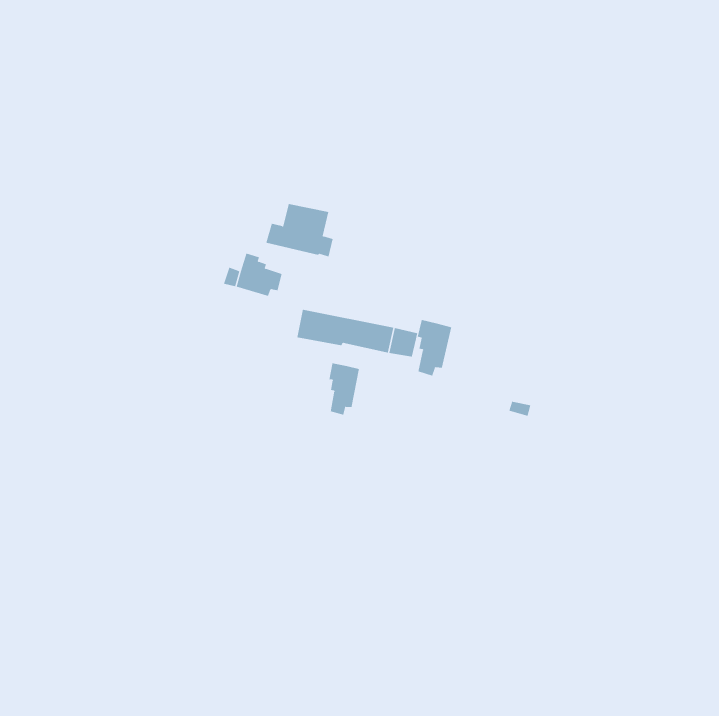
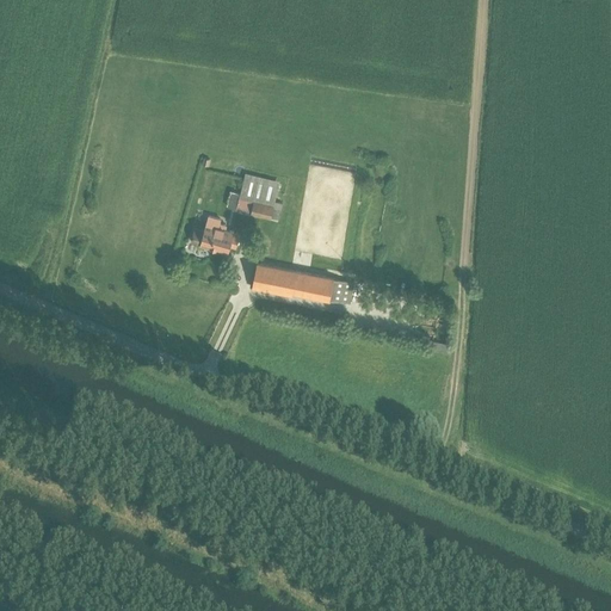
building: [417,319,452,376] -> none
building: [329,363,360,416] -> none

